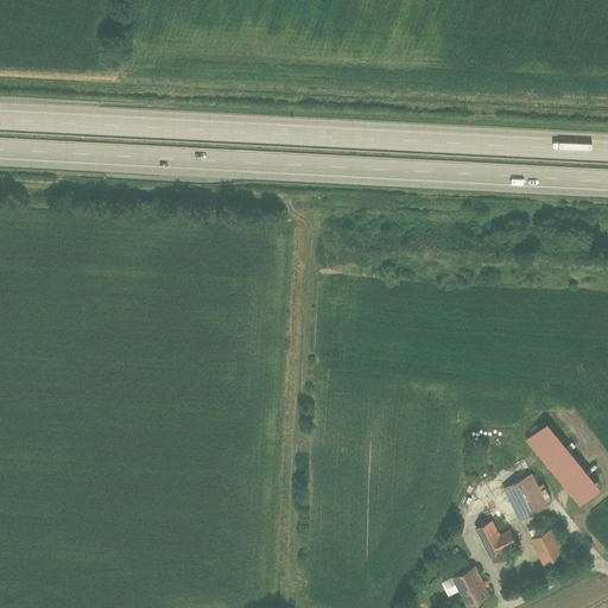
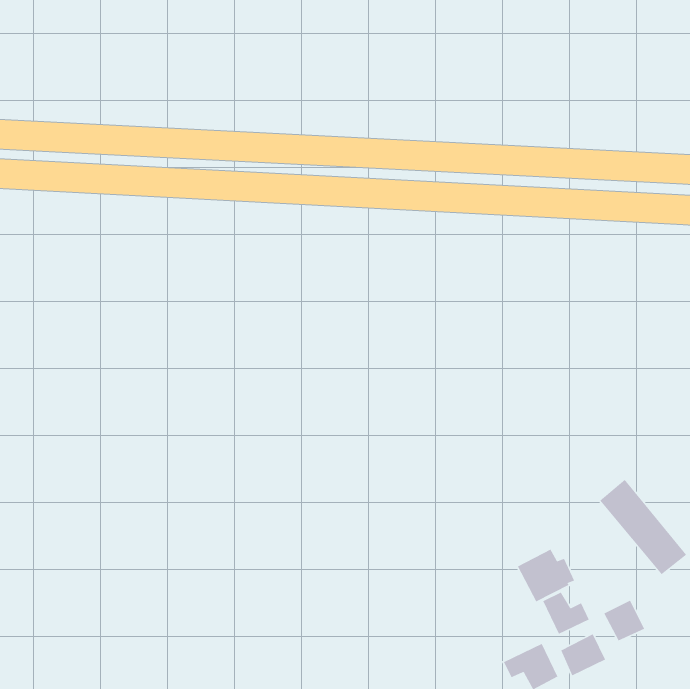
building: [502,475,553,522] -> [517,548,575,603]
building: none -> [560,633,606,676]

